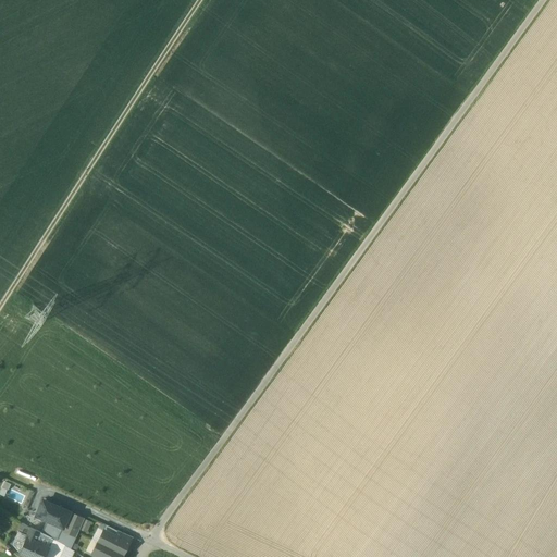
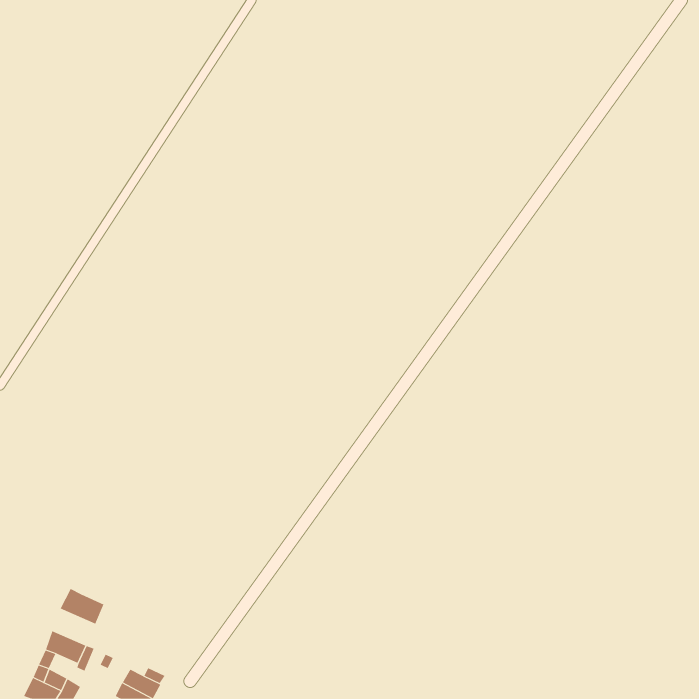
building: none -> [60,588,104,625]

